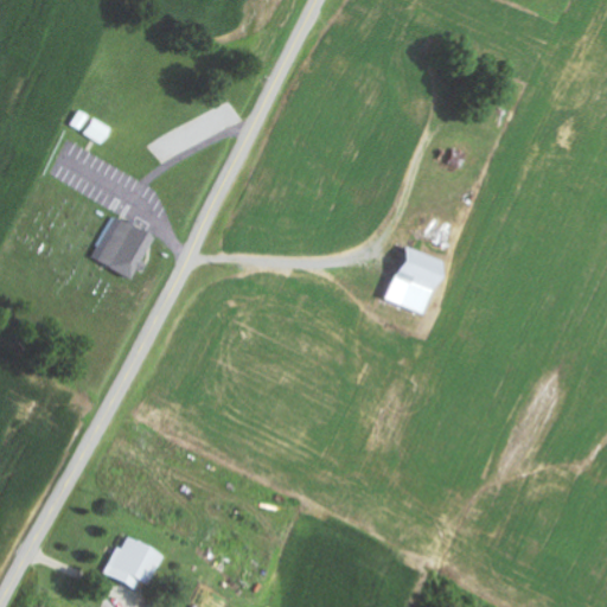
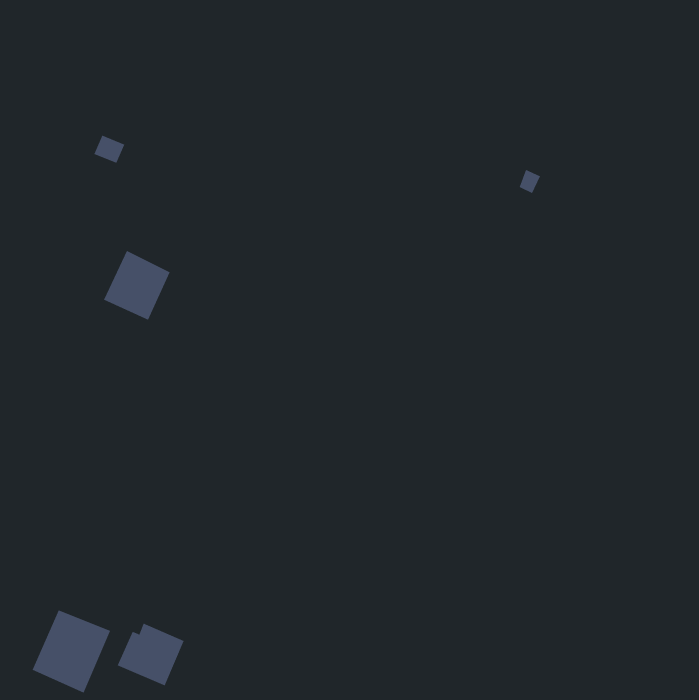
building: [382,244,441,312] -> none
building: none -> [32,610,111,694]

